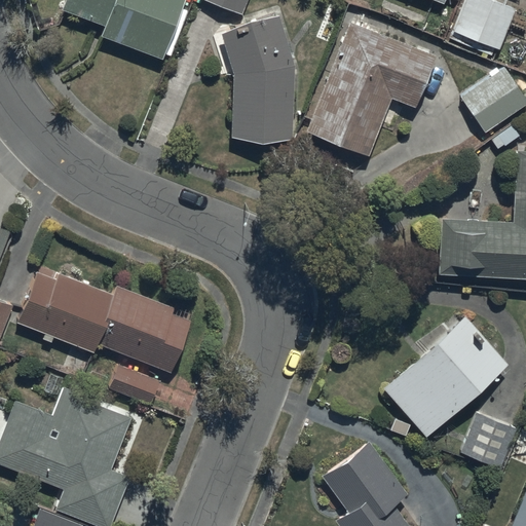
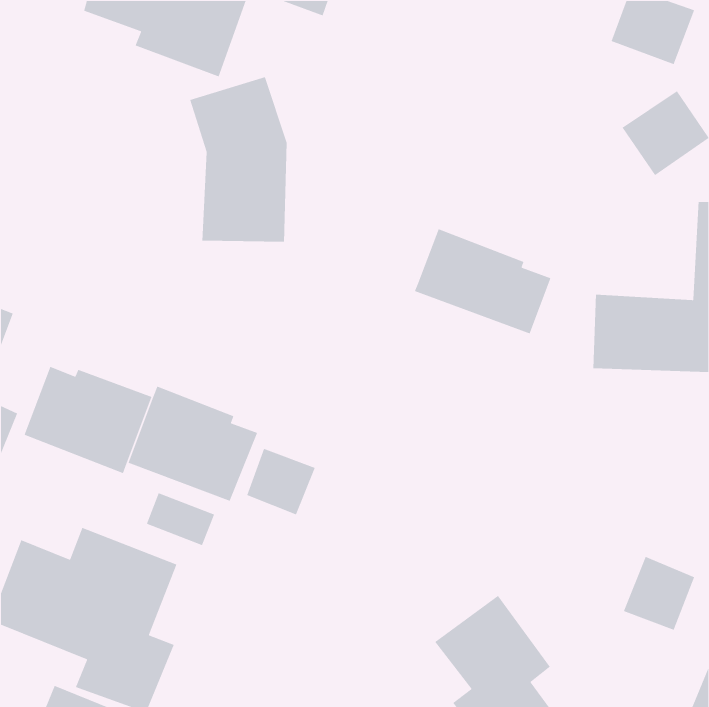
building: [221,15,294,139] -> [189,76,288,242]
building: [308,22,436,153] -> none
building: none -> [414,228,551,335]
building: [383,317,508,437] -> none
building: none -> [246,448,316,515]

